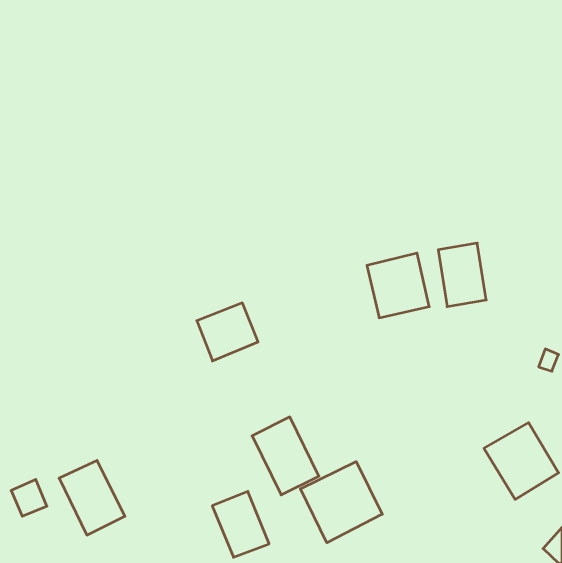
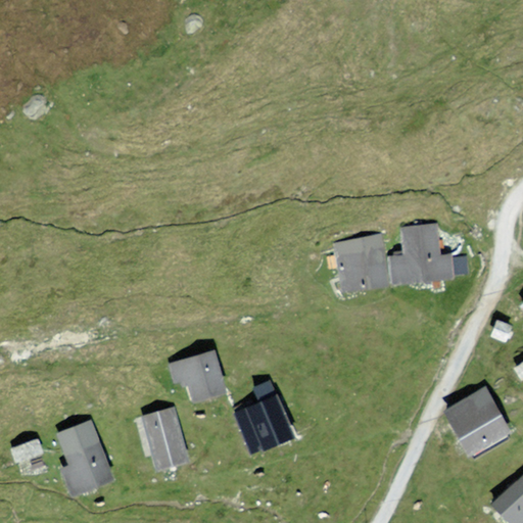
building: [197,303,258,361] -> [175,348,231,401]
building: [300,462,382,543] -> none
building: [212,491,269,557] -> [137,407,189,467]

